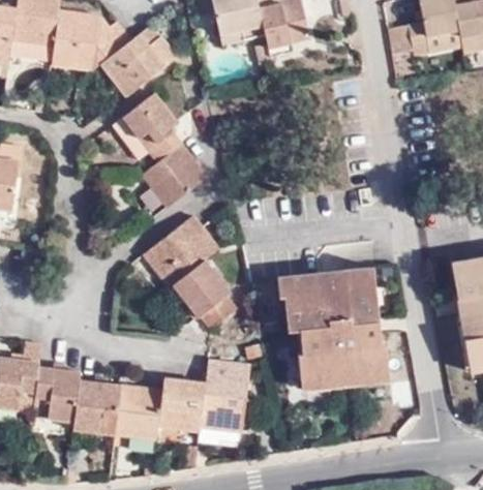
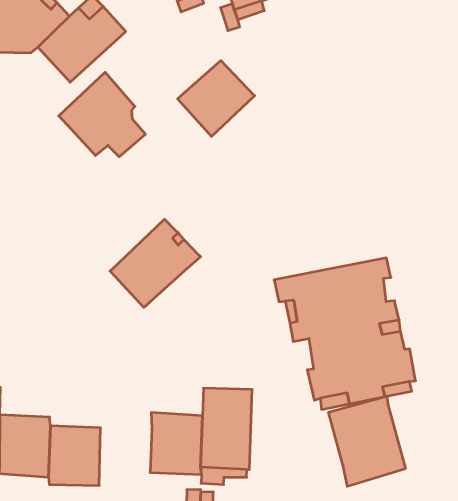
building: [144,146,208,208] -> [178,61,255,136]
building: [170,263,234,332] -> none
building: none -> [329,396,405,486]
building: [114,386,162,439] -> none

